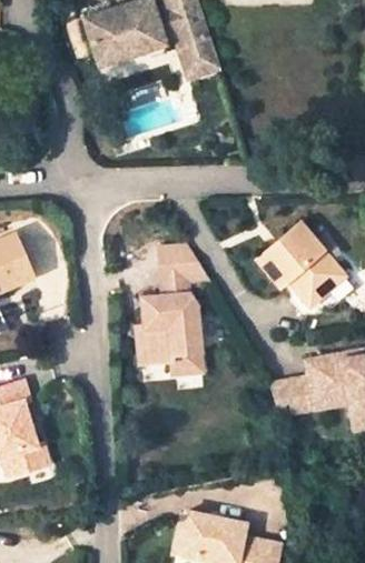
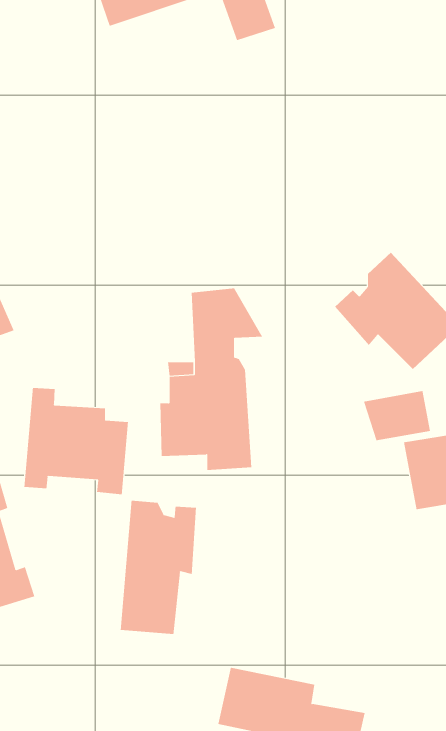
building: none -> [24,387,128,495]
building: [269,375,317,411] -> [363,390,431,441]
building: none -> [120,500,197,635]

